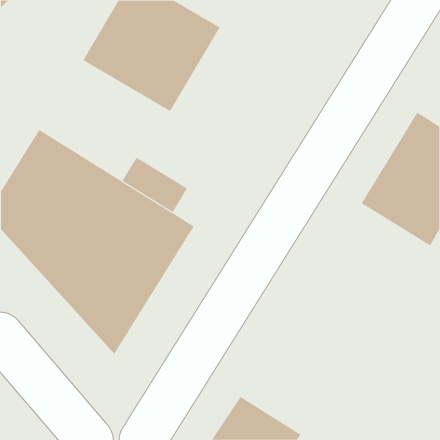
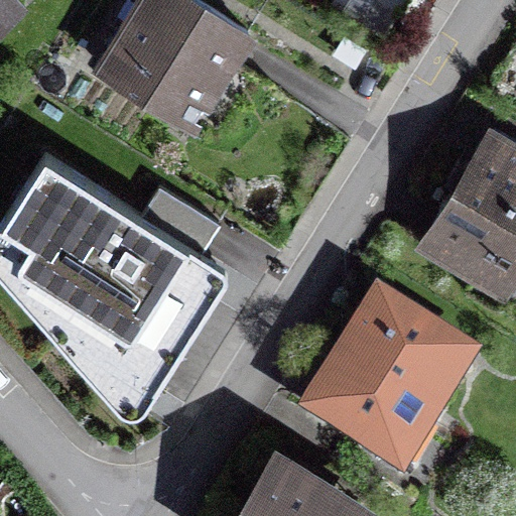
building: none -> [302,300,470,474]

